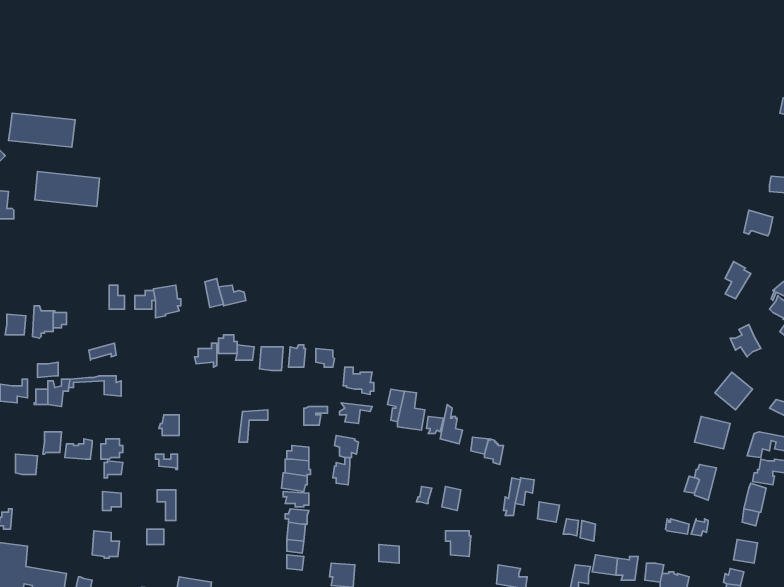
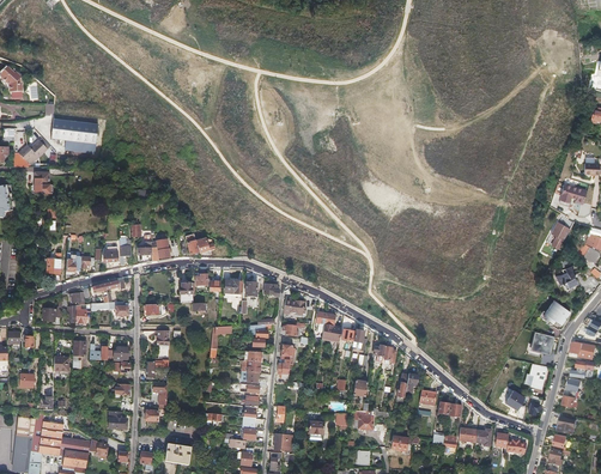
building: [35,171,100,207] -> none

